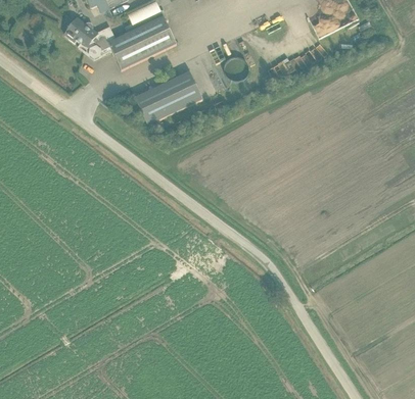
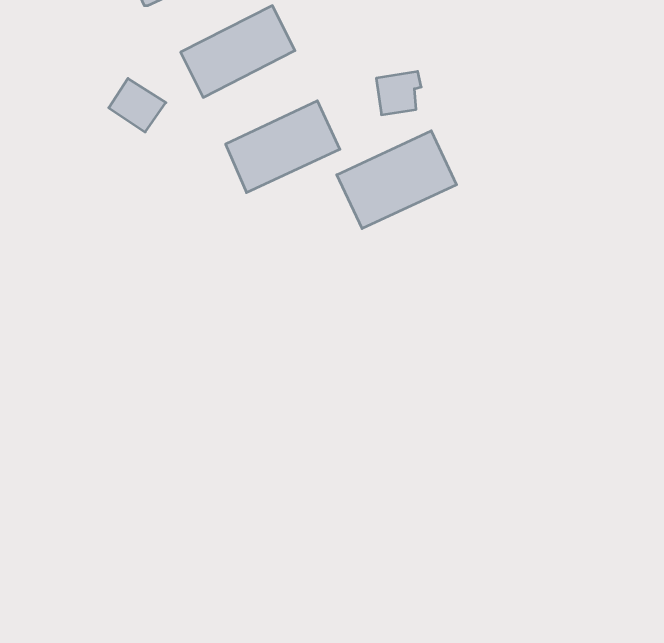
building: [65,16,99,48] -> [109,78,166,132]
building: none -> [337,131,457,229]

